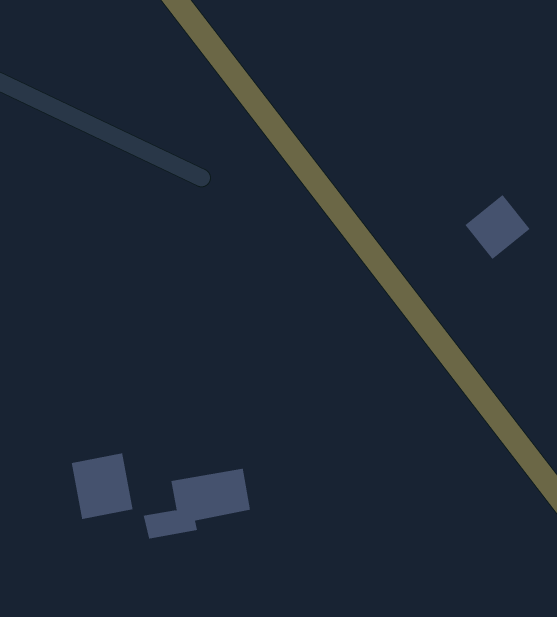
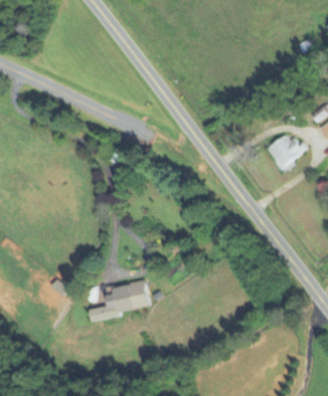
building: [71,452,133,520] -> none

